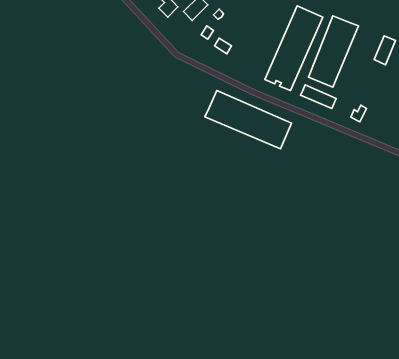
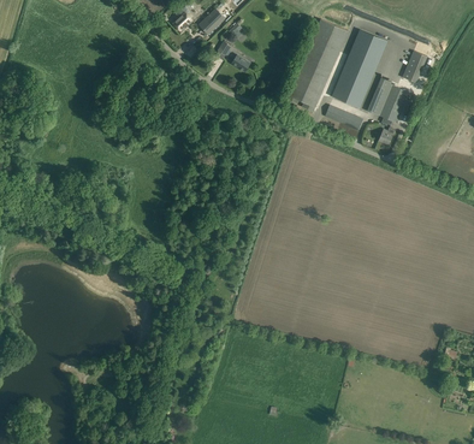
building: none -> [368,78,411,123]
building: [205,90,291,149] -> none

